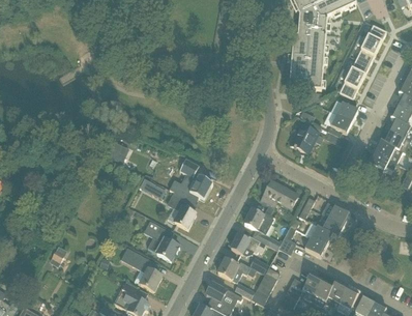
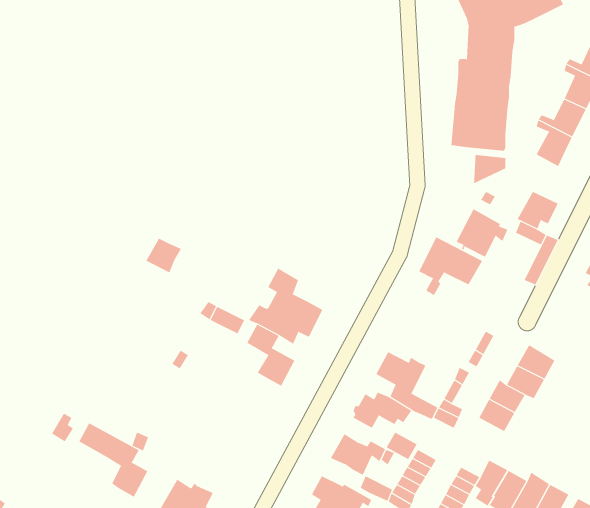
building: [330,95,358,121] -> none
building: [260,180,298,216] -> [418,236,483,296]
building: [143,221,178,261] -> none
building: [120,248,161,292] -> [78,422,148,497]

